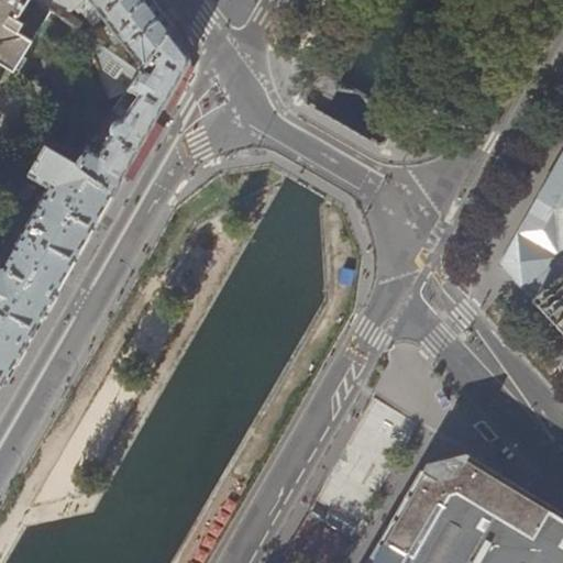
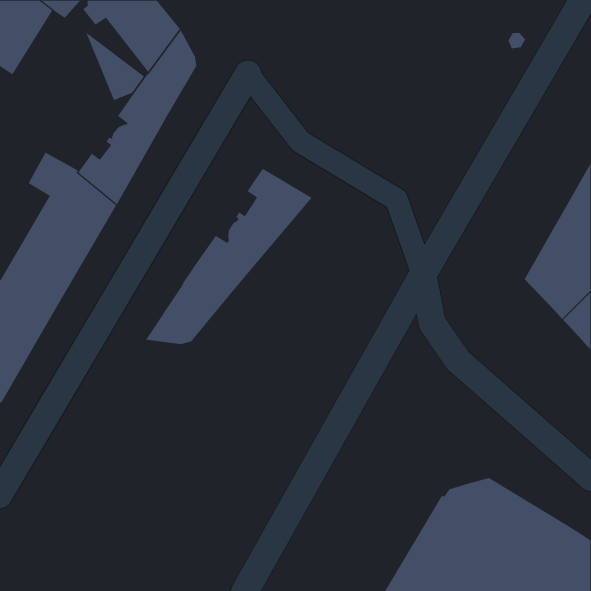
building: none -> [145,168,313,345]

